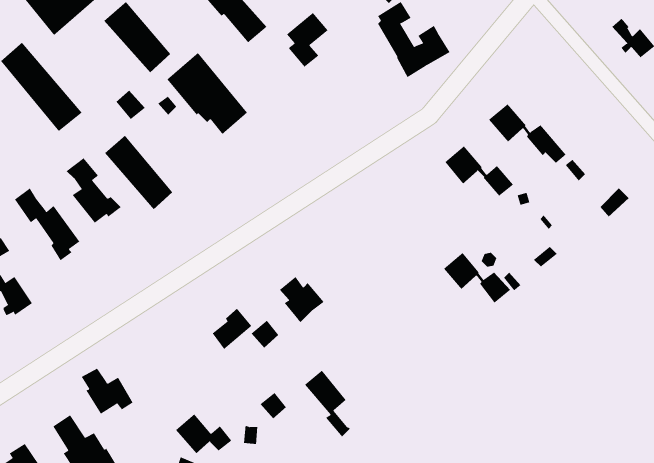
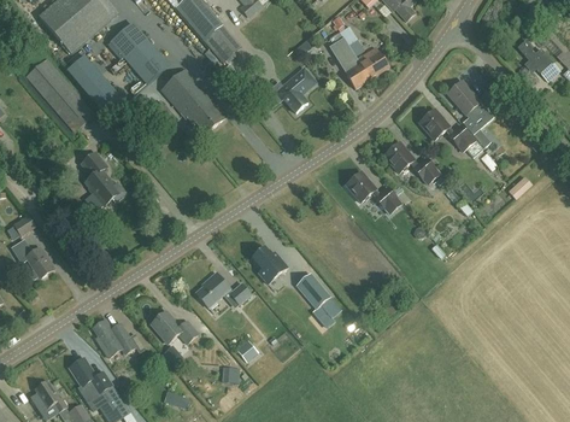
building: [286,12,328,68] -> [281,68,315,112]
building: none -> [446,80,488,147]
building: [104,135,173,210] -> [66,54,122,115]
building: [14,187,80,261] -> none
building: [443,252,511,303] -> [346,171,400,212]
building: [304,370,351,437] -> [295,272,333,327]
building: [175,414,232,454] -> [151,311,196,344]

